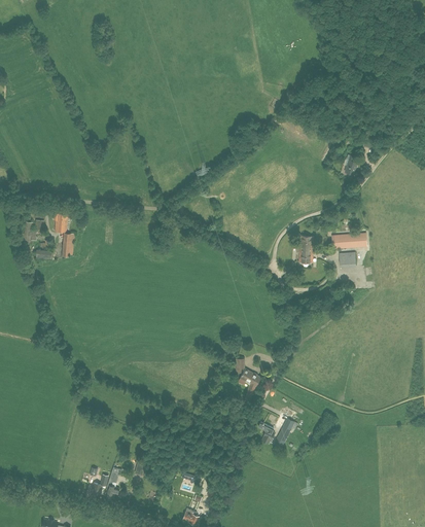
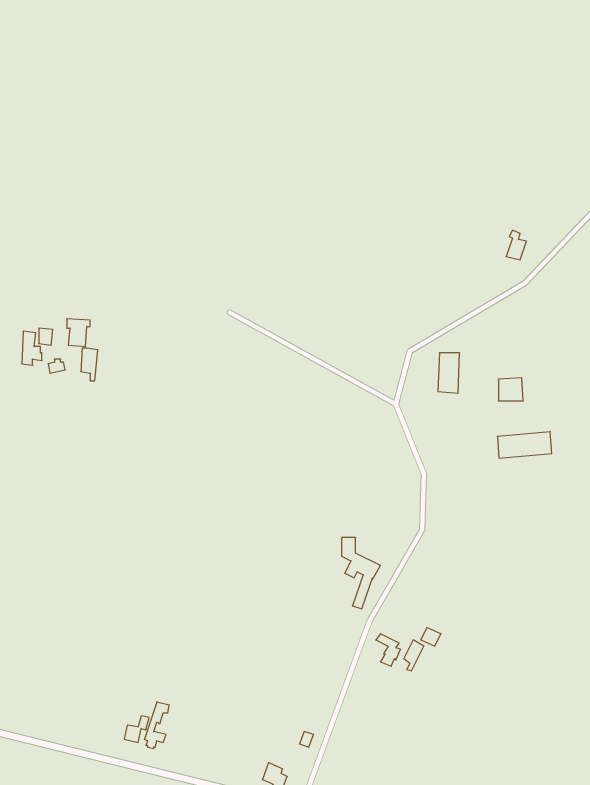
building: [330,232,366,249] -> [497,432,552,458]

